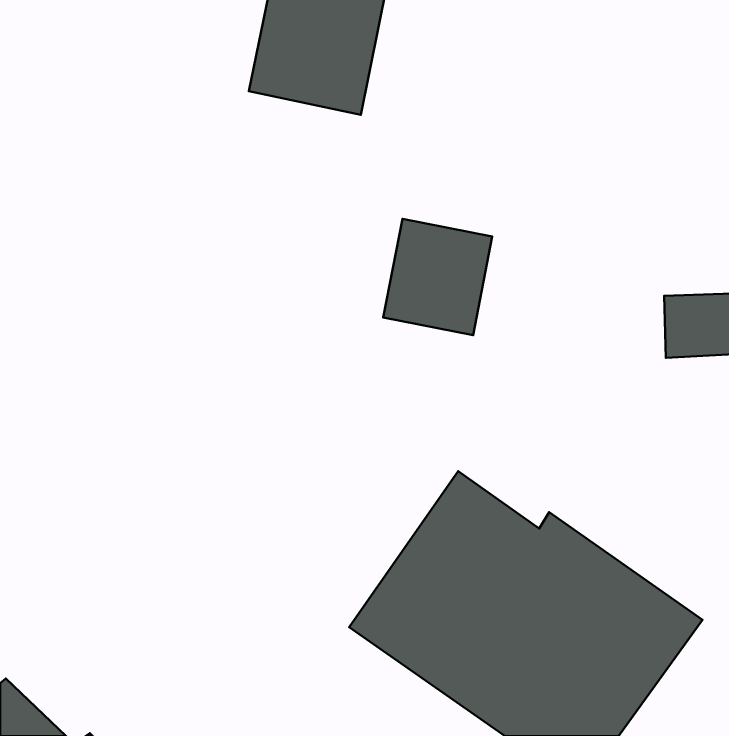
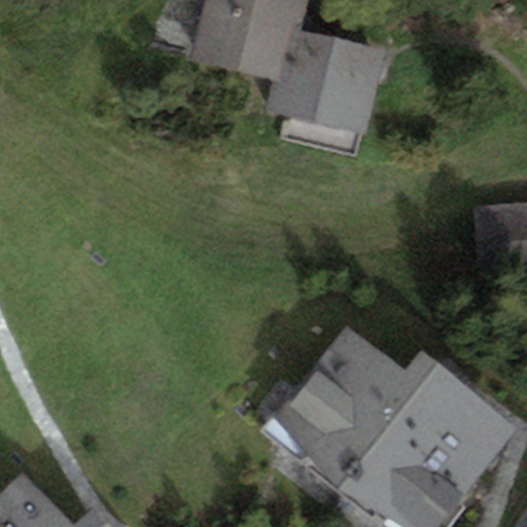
building: [383,219,492,335] -> [285,46,361,128]

